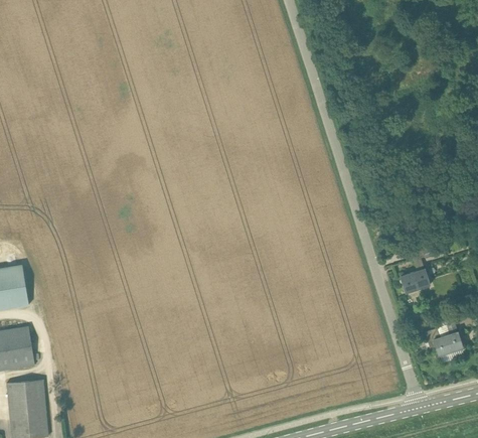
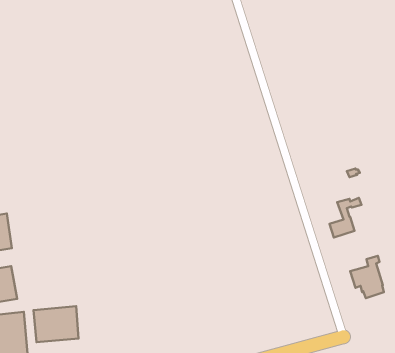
building: none -> [33,306,78,342]

